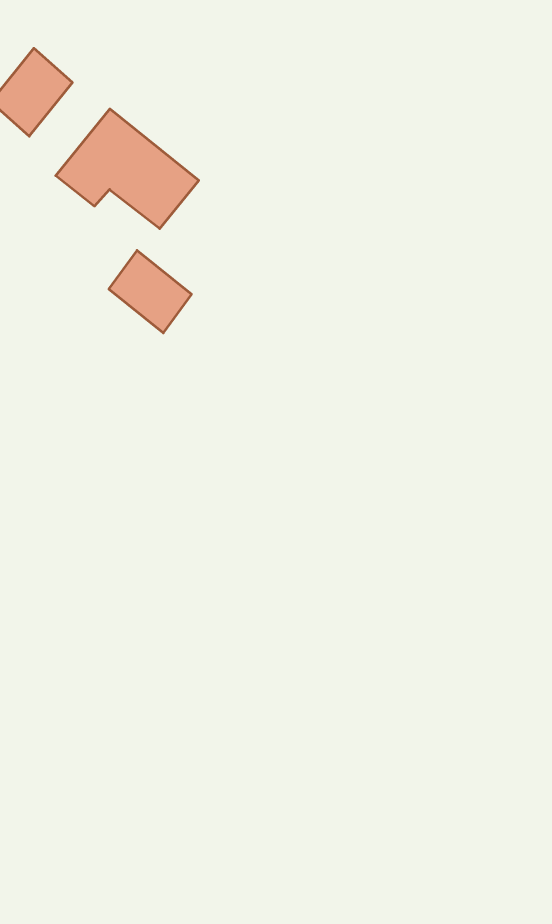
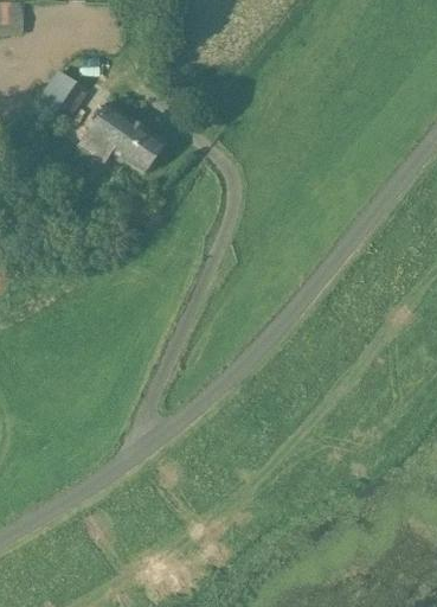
building: [109,250,191,333] -> none

